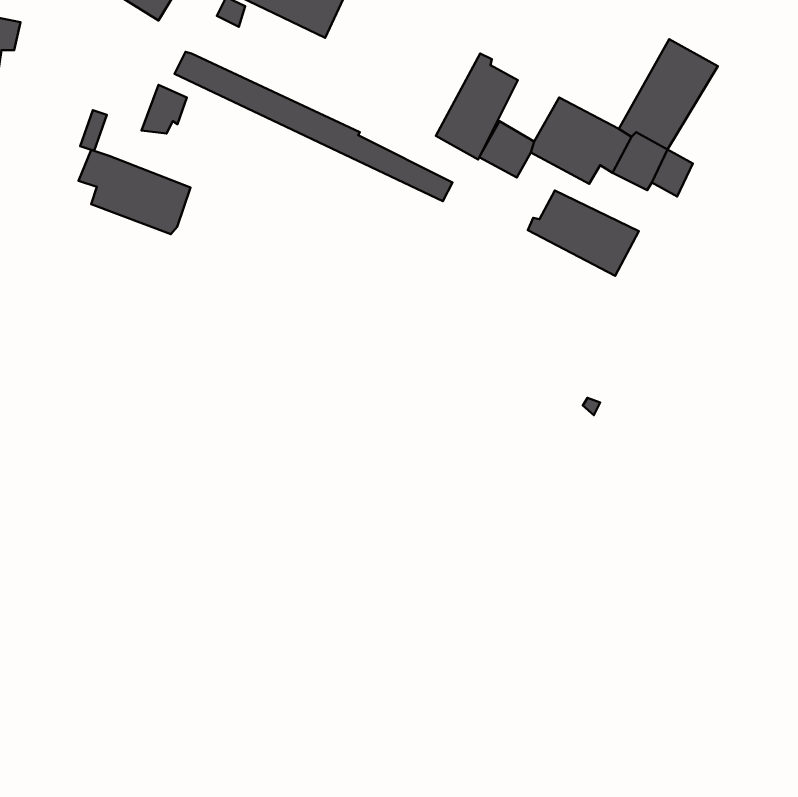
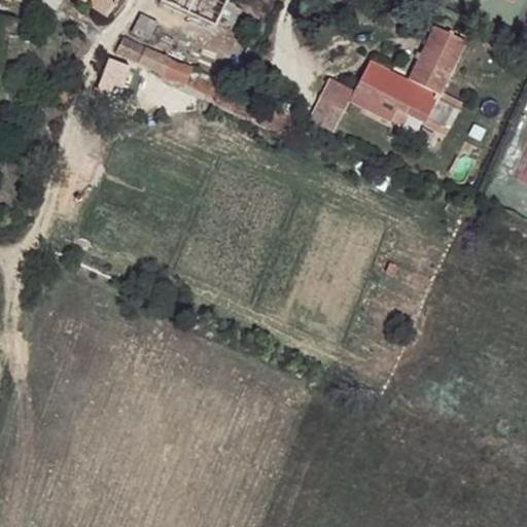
building: [436,54,518,159] -> none
building: [79,150,190,234] -> none
building: [528,191,639,276] -> none

